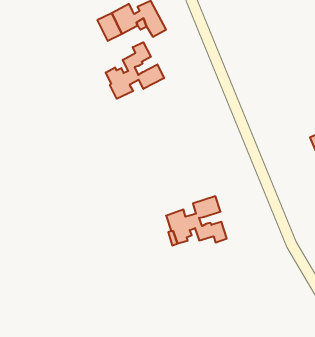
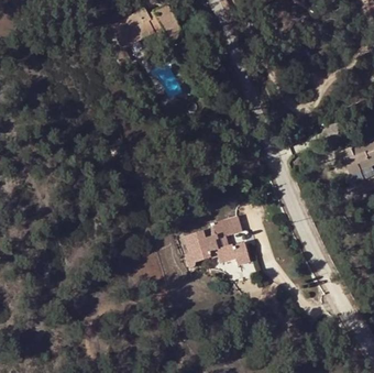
building: [106,42,164,99] -> none

